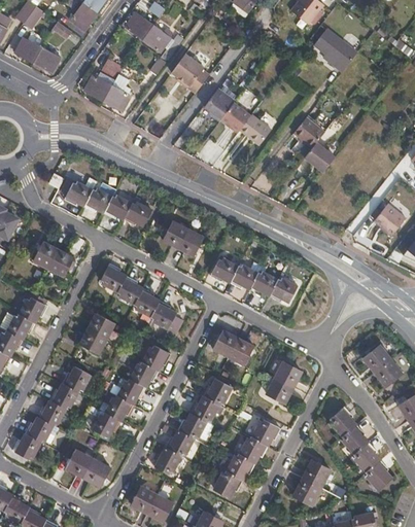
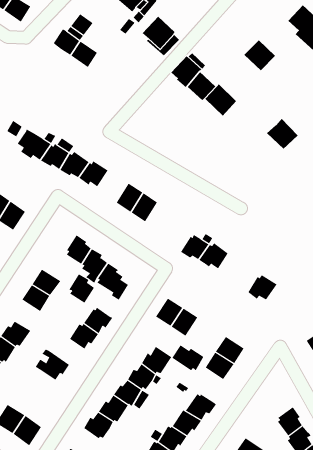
building: [292,116,324,147] -> [244,39,276,71]
building: [209,255,238,282] -> none
building: [100,262,126,291] -> [68,274,95,304]
building: [269,277,298,302] -> [247,275,277,300]
building: none -> [172,345,204,371]
building: [110,378,145,403] -> none
building: [328,405,355,435] -> none
building: [91,412,119,437] -> none

